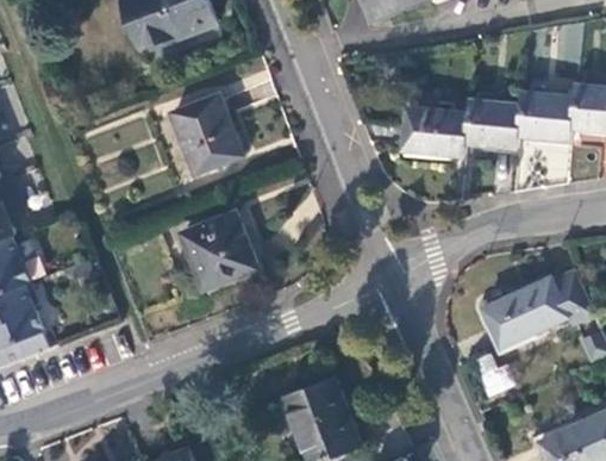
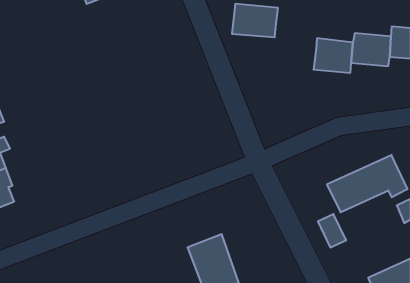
building: [169,95,239,173] -> none
building: [400,108,466,156] -> [232,4,278,37]
building: [180,213,264,298] -> none

